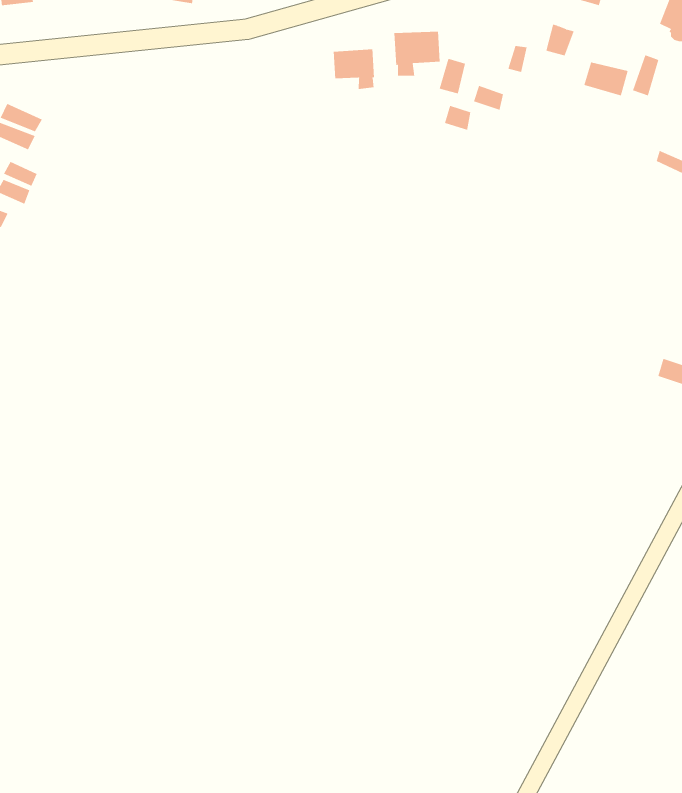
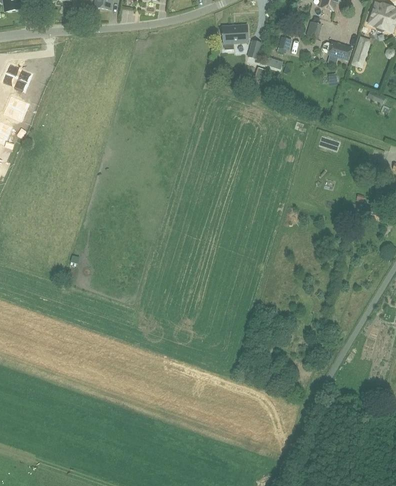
building: [333,48,375,90] -> none

